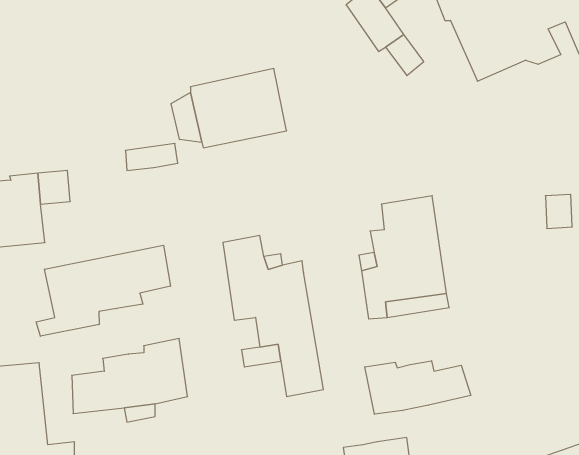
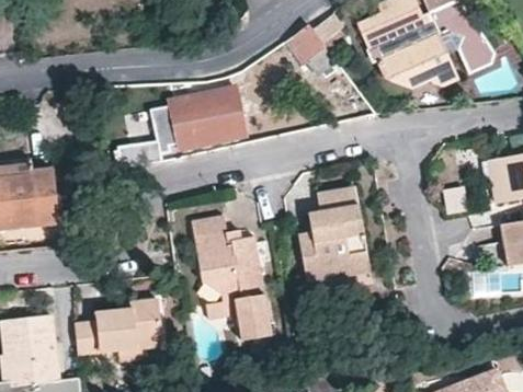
building: [36,245,170,336] -> none
building: [365,361,471,414] -> none

